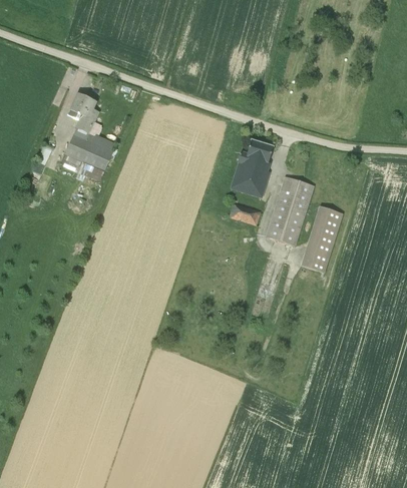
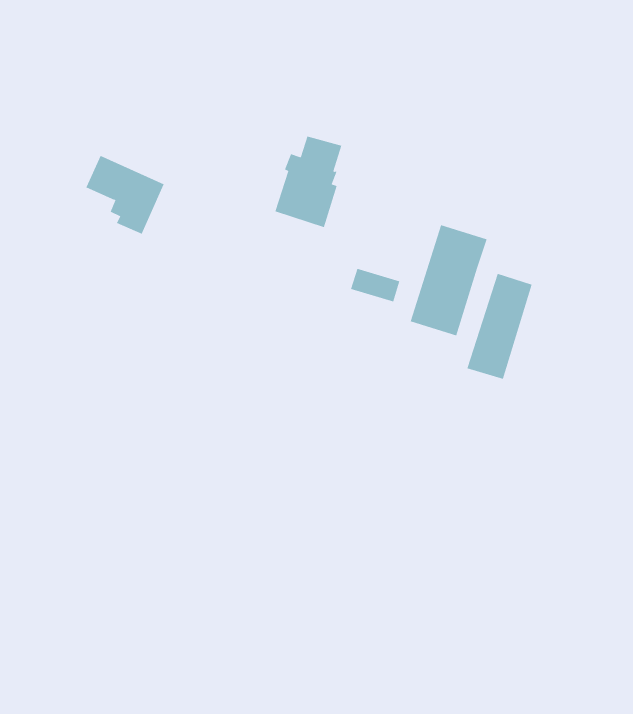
building: [70,92,98,131] -> none
building: [231,139,273,196] -> [274,136,342,228]

